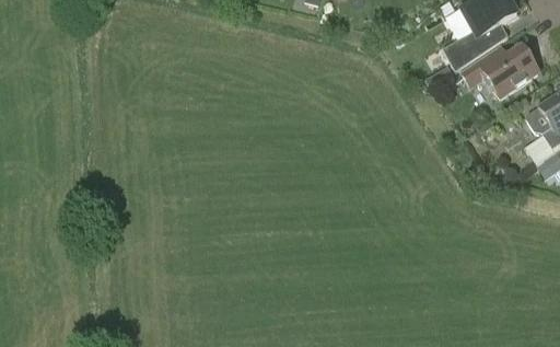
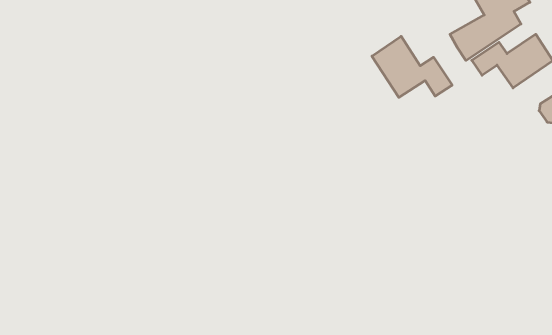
building: none -> [372,36,452,97]

